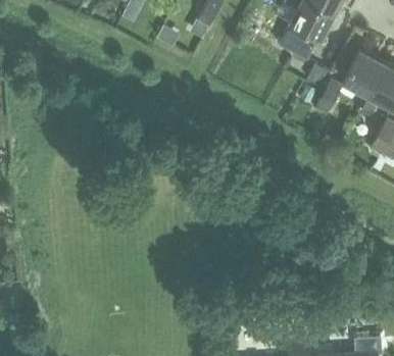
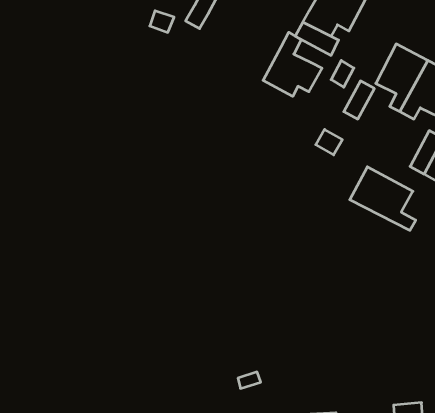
building: none -> [263,32,322,96]
building: none -> [350,167,416,230]

